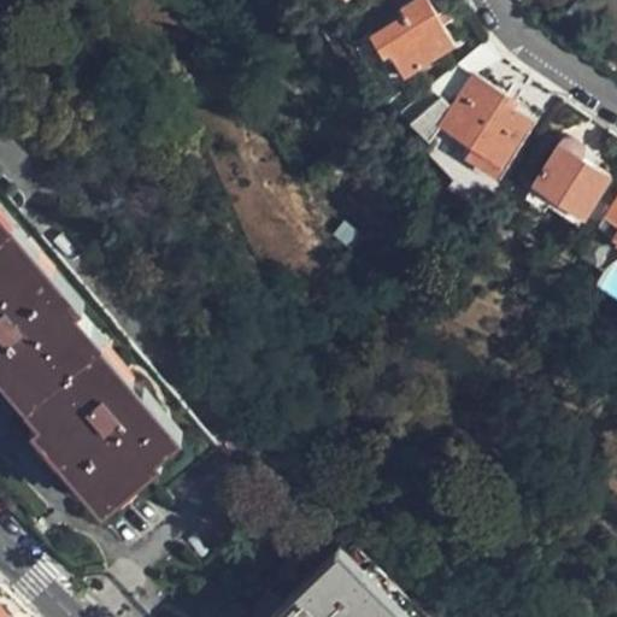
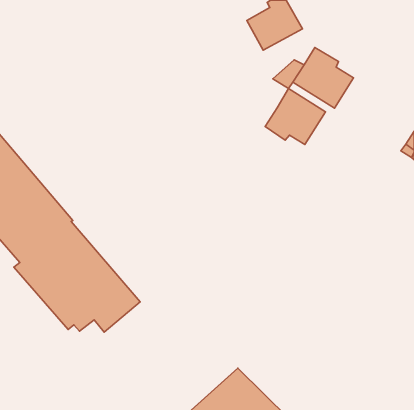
building: none -> [265,89,326,145]
building: [523,146,599,224] -> none

